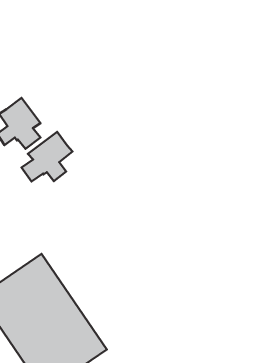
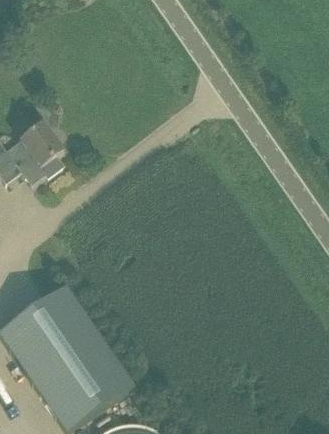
building: [22,132,73,181] -> none

